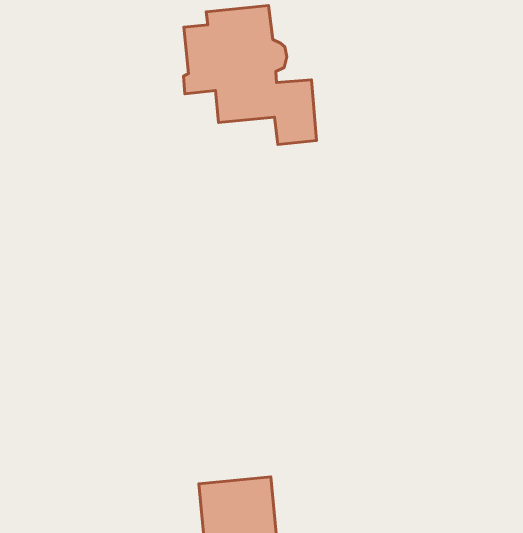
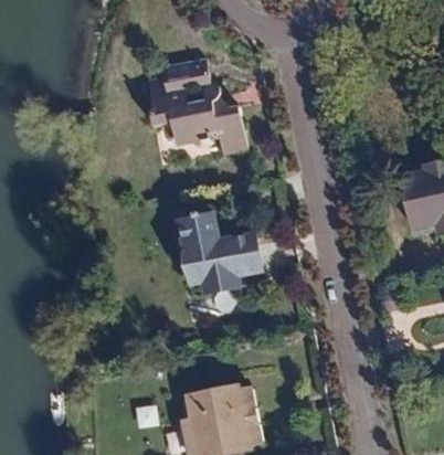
building: none -> [179,215,261,294]

